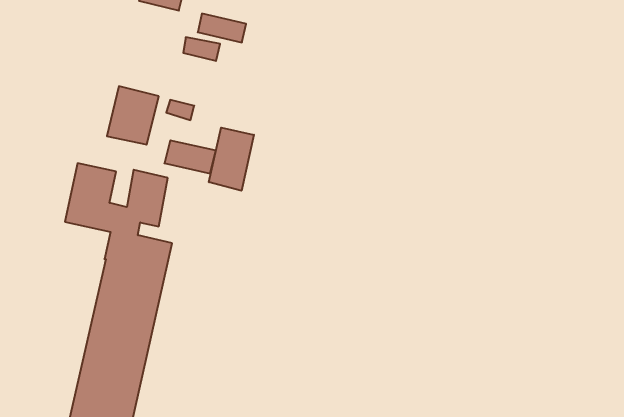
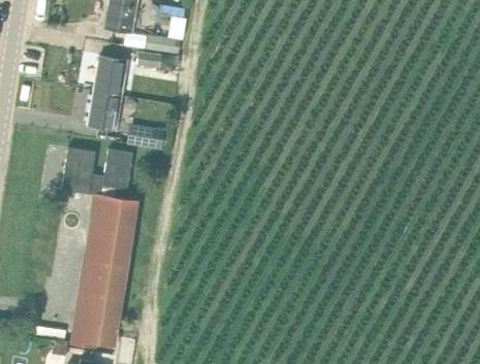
building: none -> [93,56,127,96]
building: [209,128,254,191] -> none

